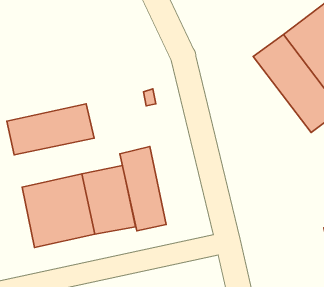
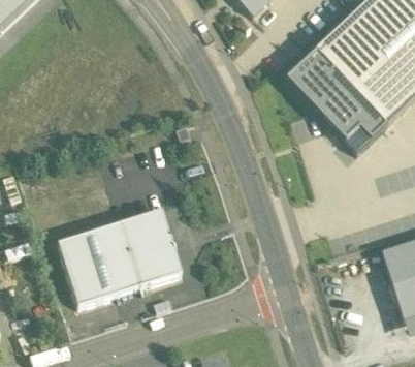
building: [7,104,94,155] -> none
building: [120,147,166,231] -> none

